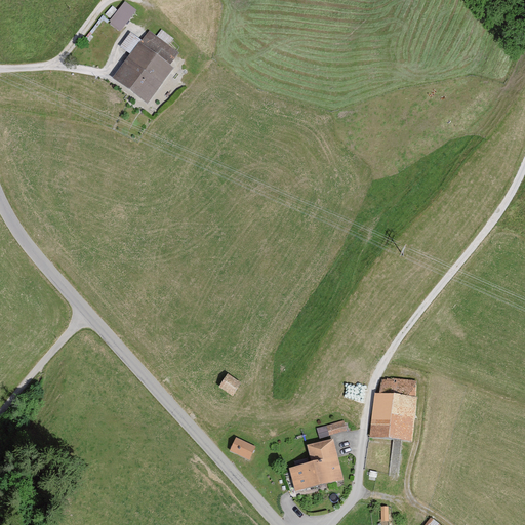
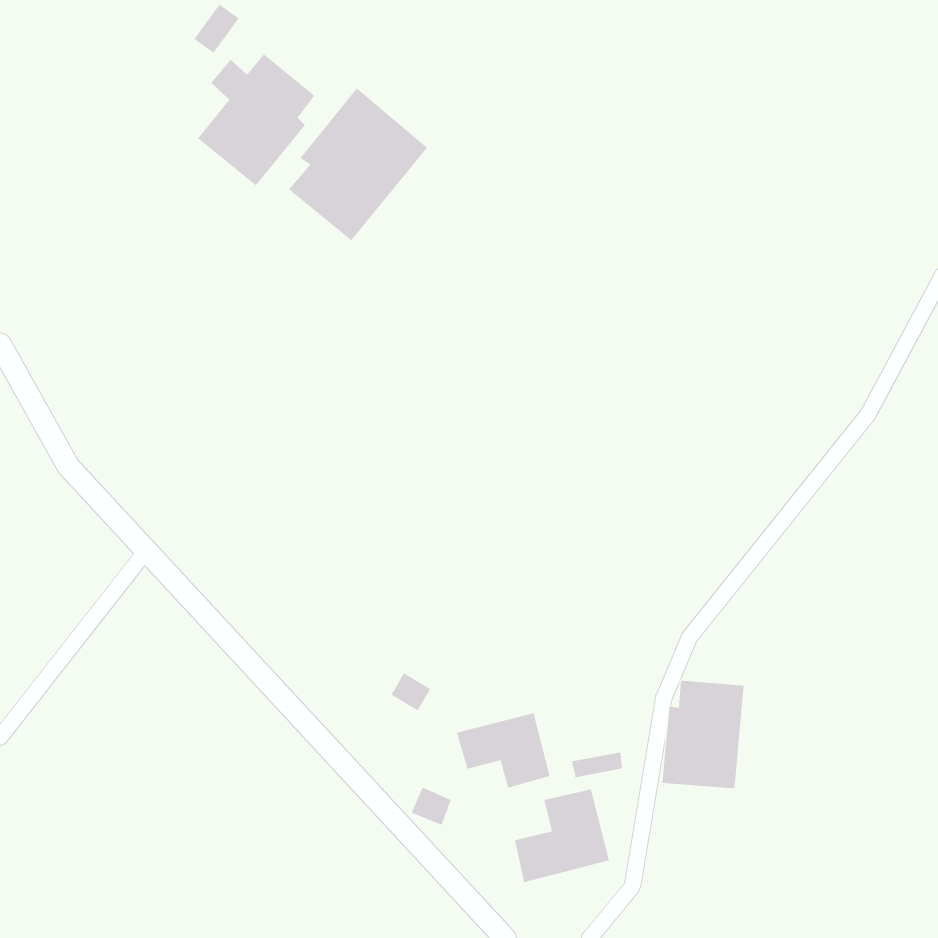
building: none -> [288,88,428,241]
building: none -> [456,713,550,788]

